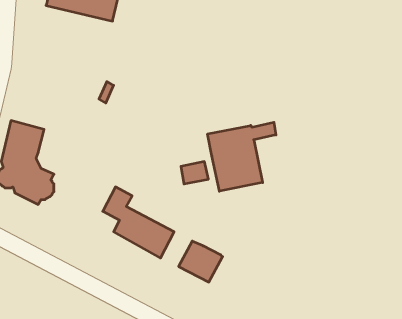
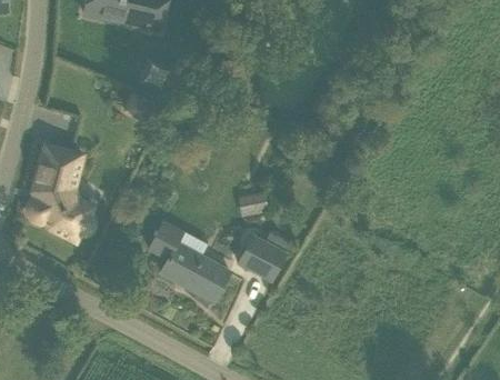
building: [208,122,276,191] -> none
building: [179,241,223,282] -> [238,234,288,281]

